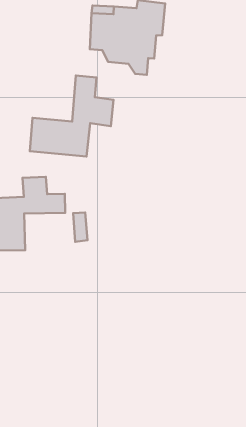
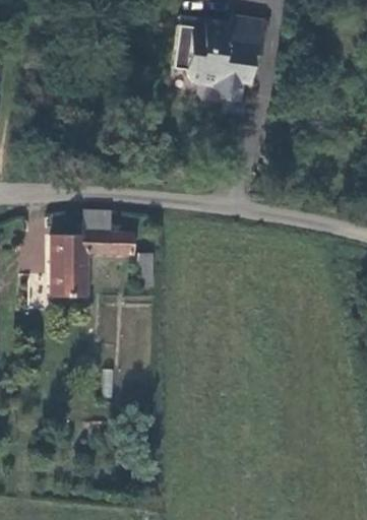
building: [30,76,114,156] -> none

